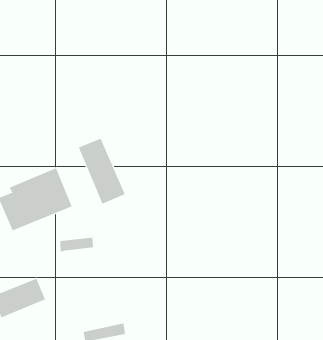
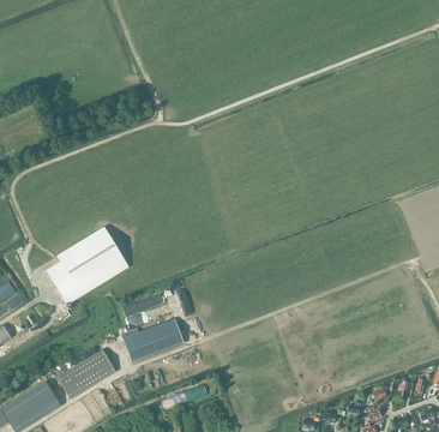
building: [78,138,125,205] -> none
building: none -> [121,319,184,362]

